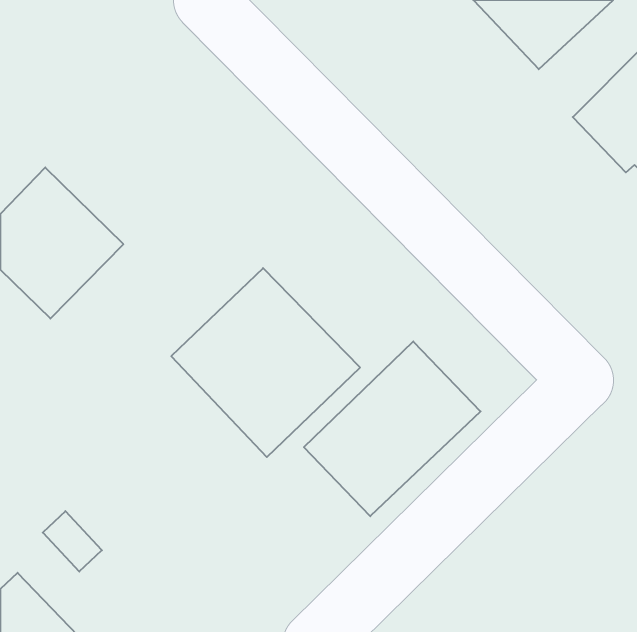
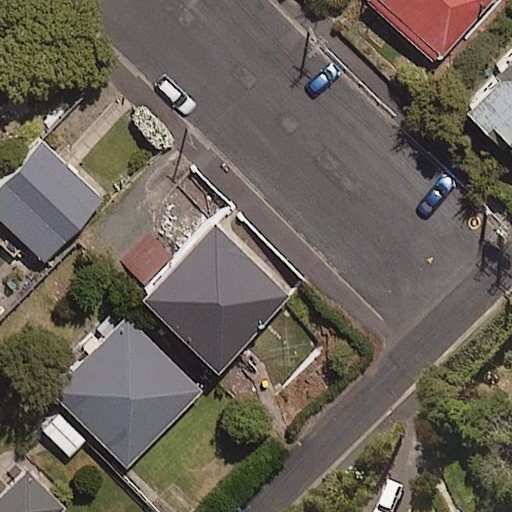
building: [304,341,481,516] -> none
building: none -> [44,310,202,468]

